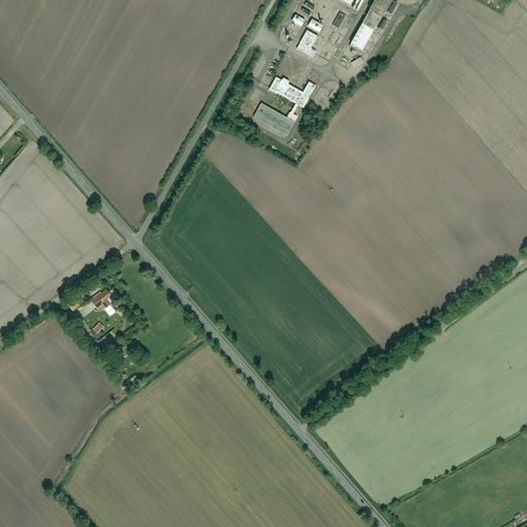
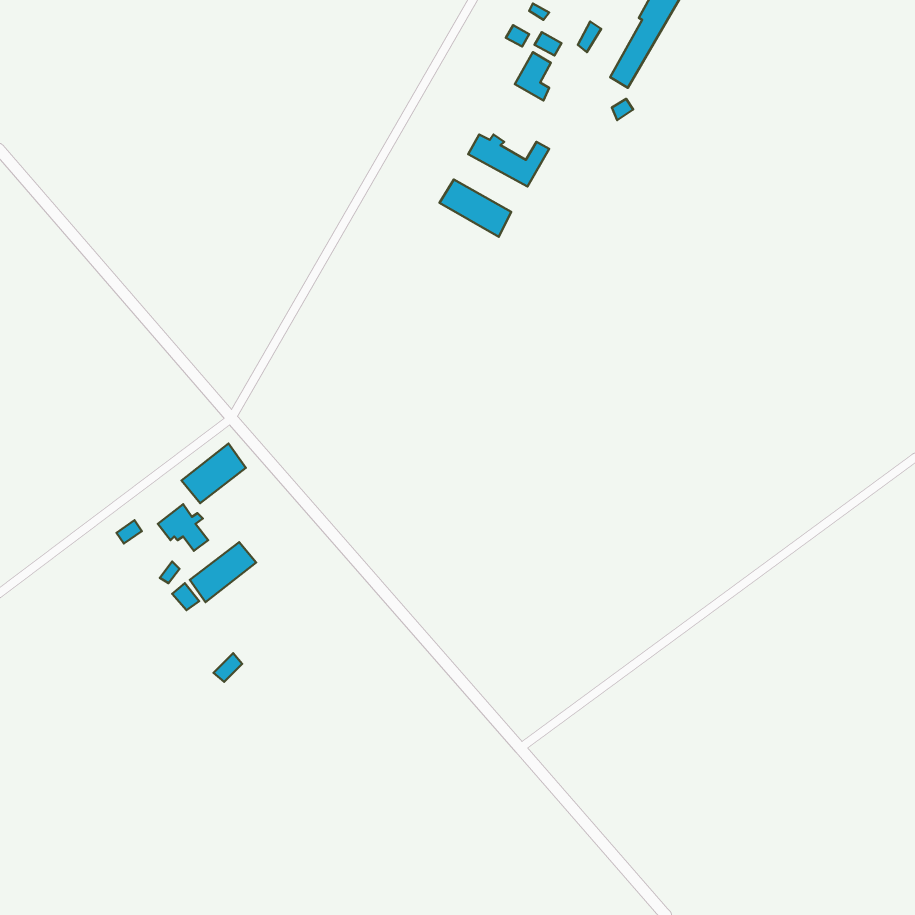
building: none -> [182,444,246,503]
building: none -> [190,542,256,602]

